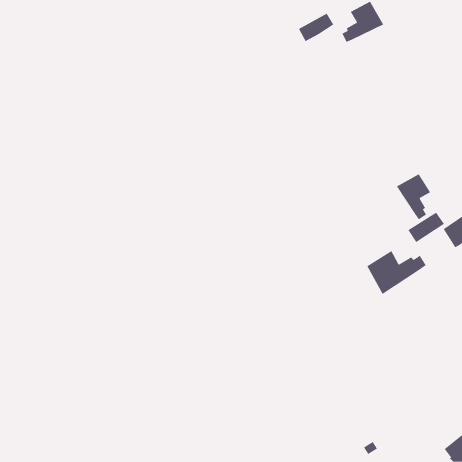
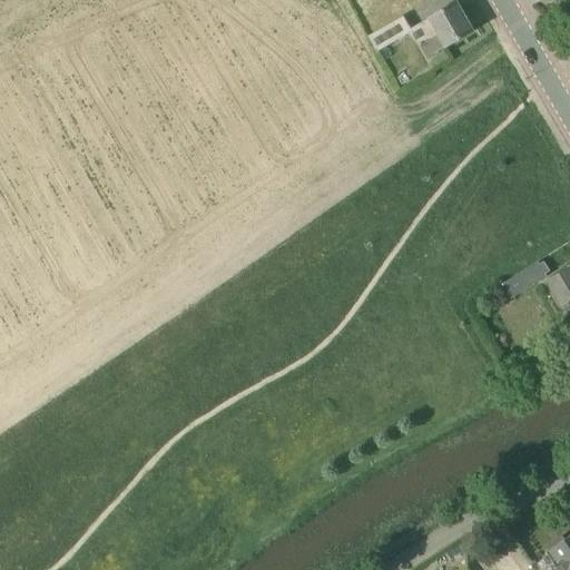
building: [396,173,431,220] -> none
building: [366,250,427,295] -> none

